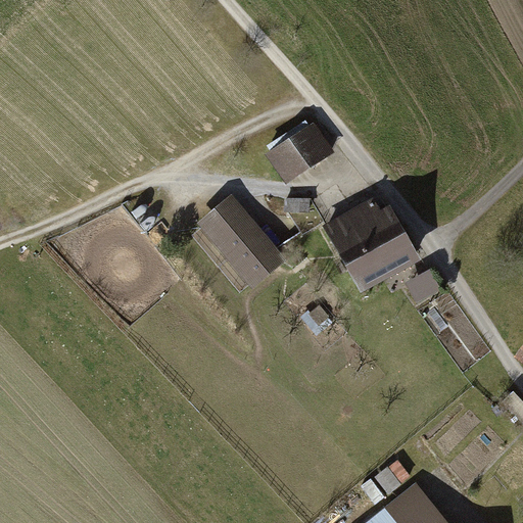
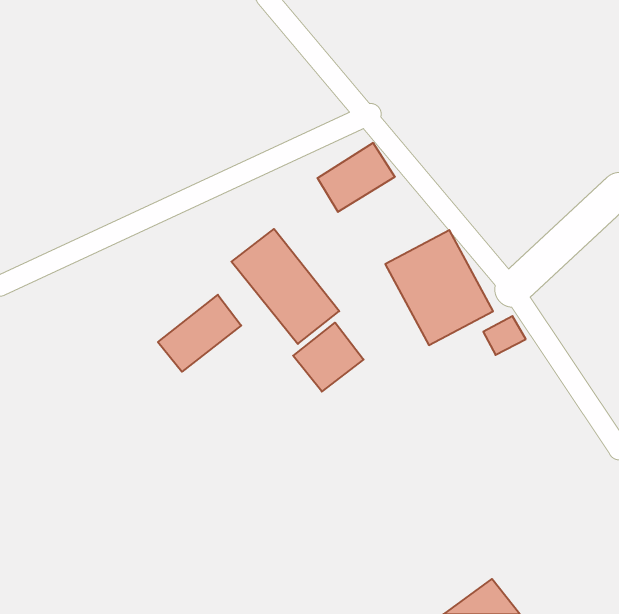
building: none -> [158,295,241,372]
building: none -> [293,323,364,392]

